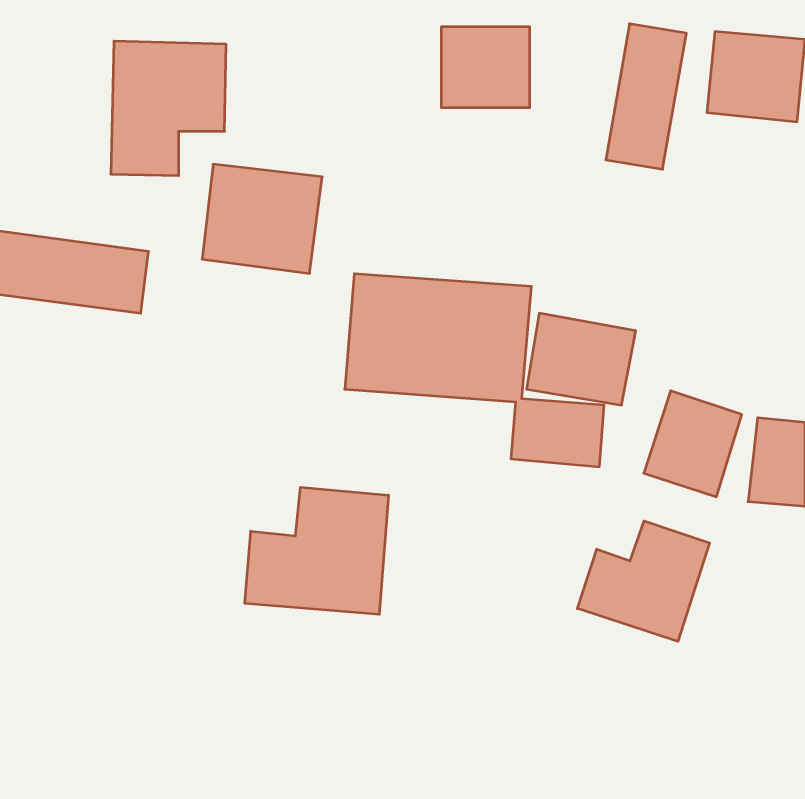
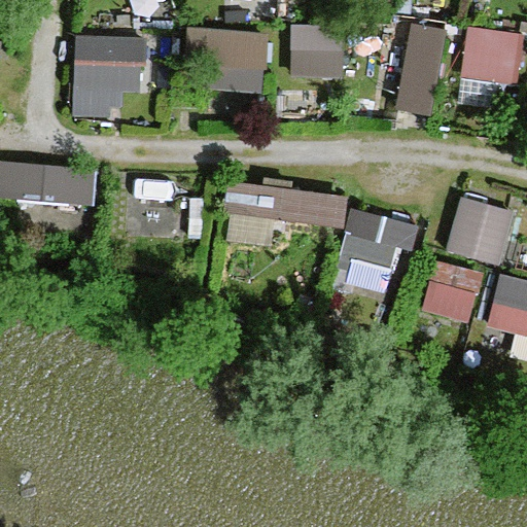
building: [202,164,322,273] -> [192,26,271,97]
building: none -> [445,194,517,268]
building: [245,487,388,614] -> none
building: [577,521,710,641] -> none

